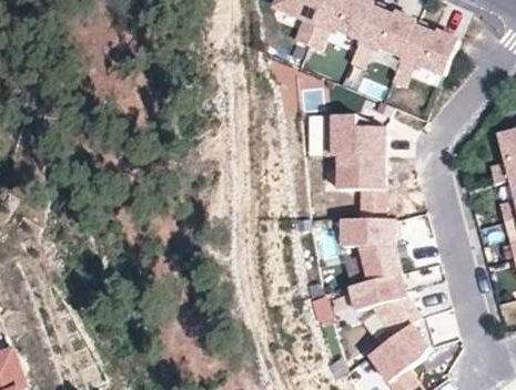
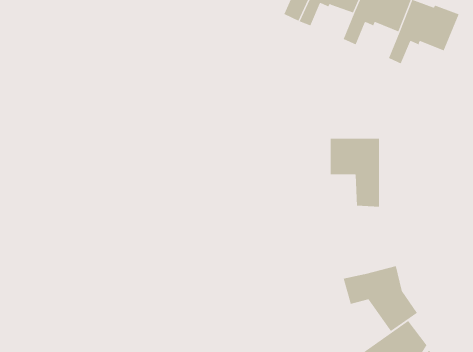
building: [324,114,384,154] -> none
building: [342,217,399,280] -> none

